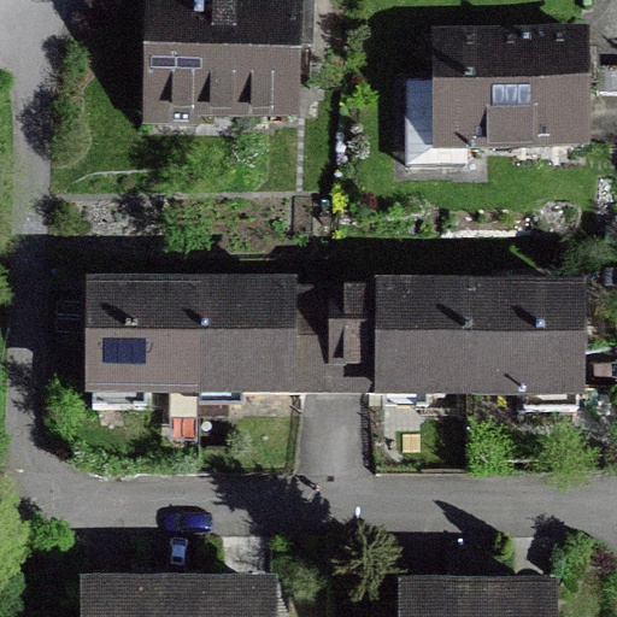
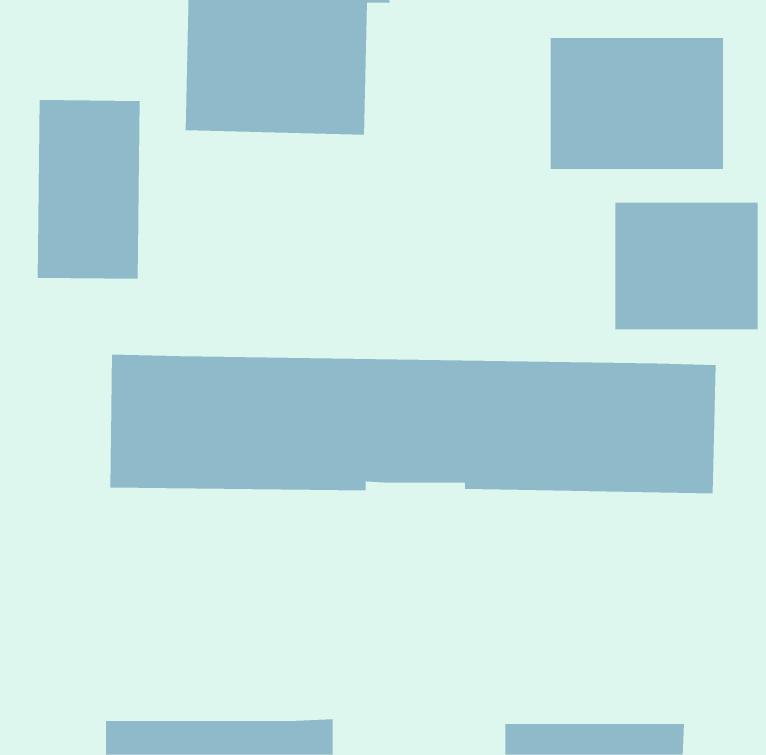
building: none -> [37,99,140,280]
building: none -> [615,202,758,330]

